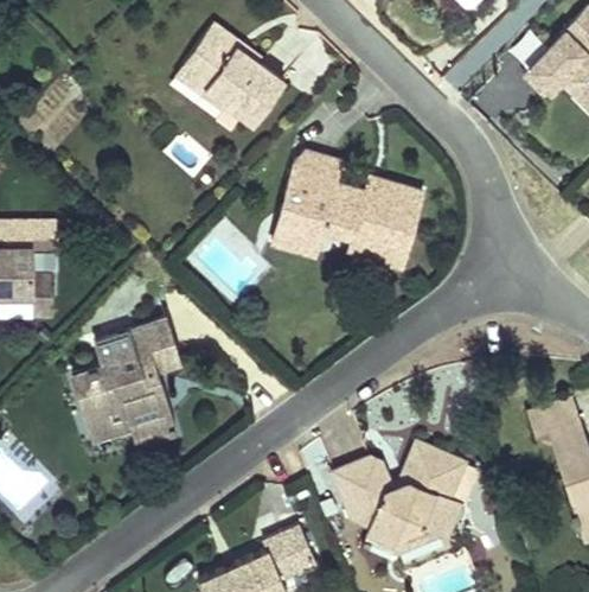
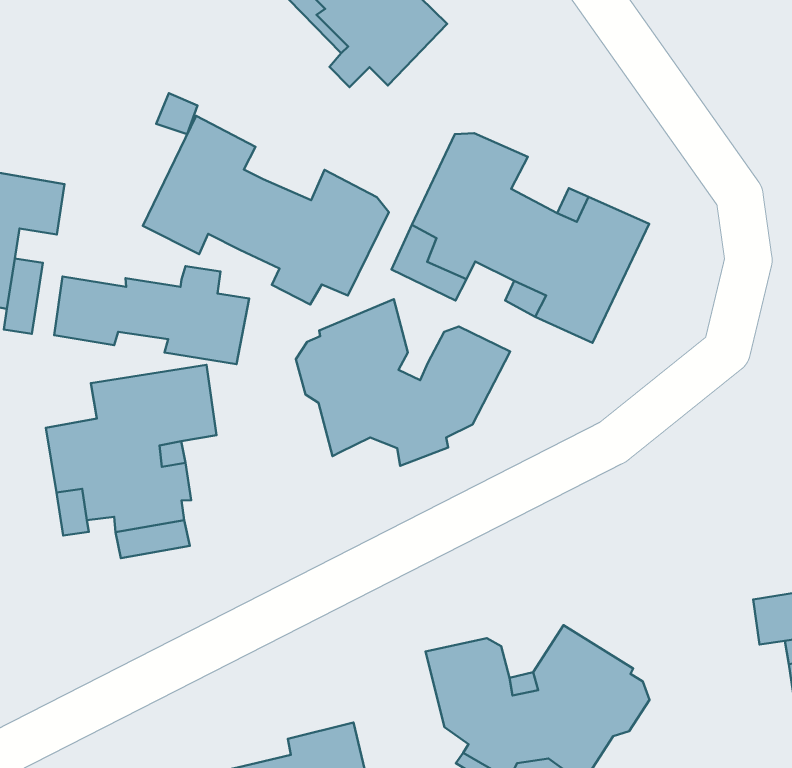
building: none -> [143,116,389,305]
building: none -> [54,266,249,364]
building: none -> [296,299,510,466]

